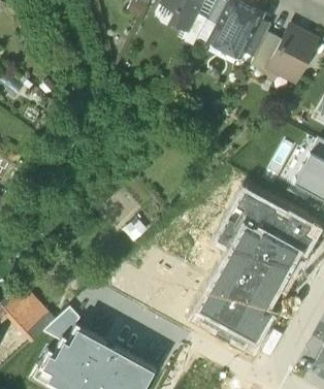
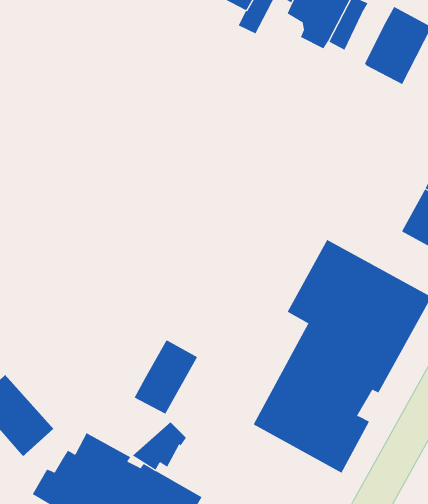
building: [251,32,282,73] -> none
building: none -> [134,340,198,414]
building: [42,306,80,341] -> [132,421,187,470]

